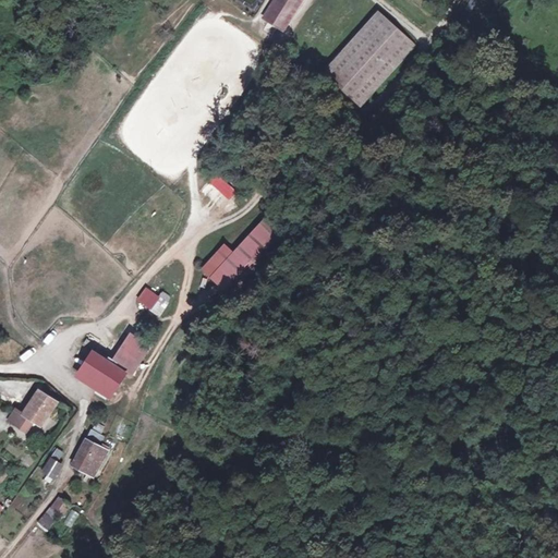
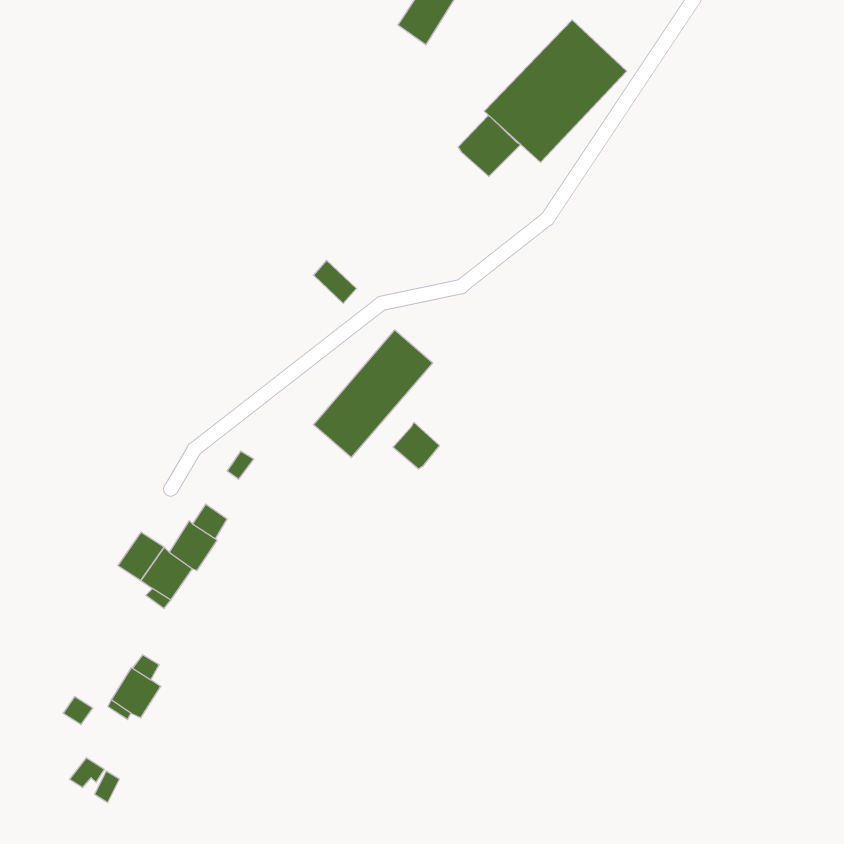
building: none -> [458,115,521,177]
building: none -> [393,422,439,469]
building: [8,390,56,429] -> none

